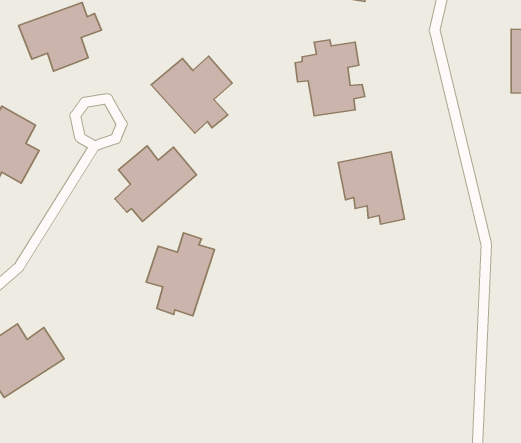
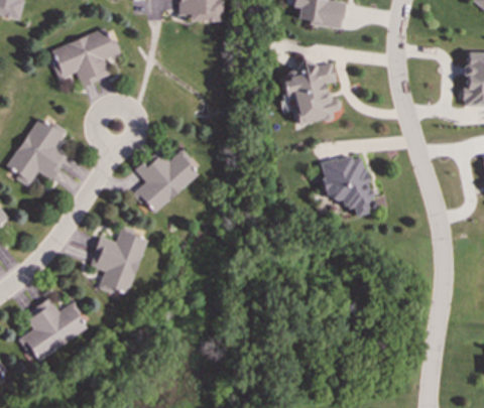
building: [151,56,232,133] -> none
building: [146,233,215,316] -> [89,225,146,294]

